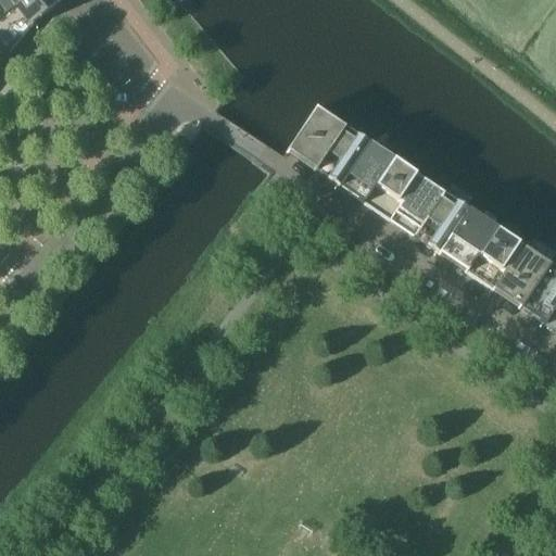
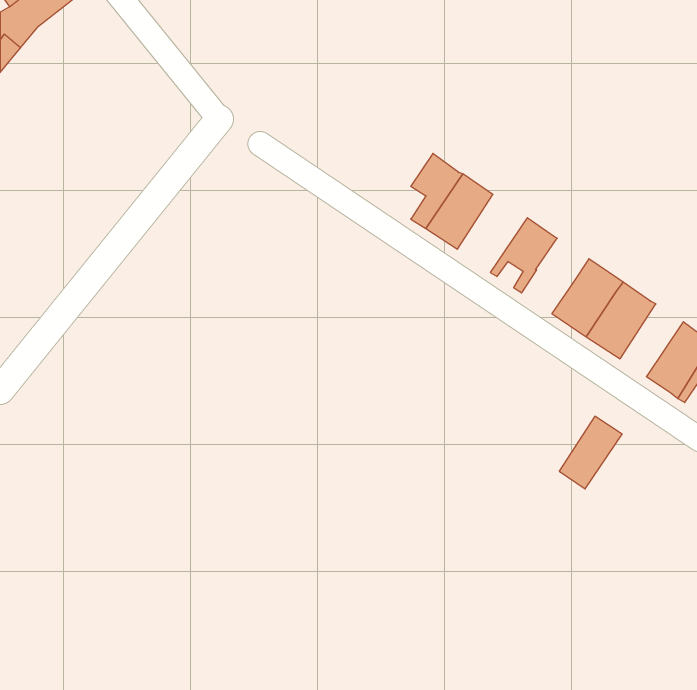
building: [288,103,345,165] -> none
building: [365,154,420,216] -> none
building: [427,189,469,249] -> none
building: [494,241,544,299] -> [559,416,622,489]

